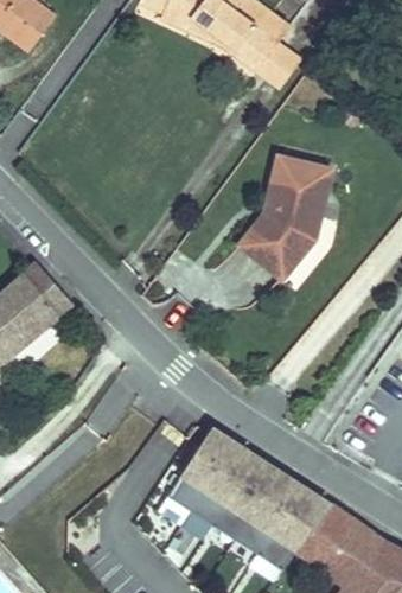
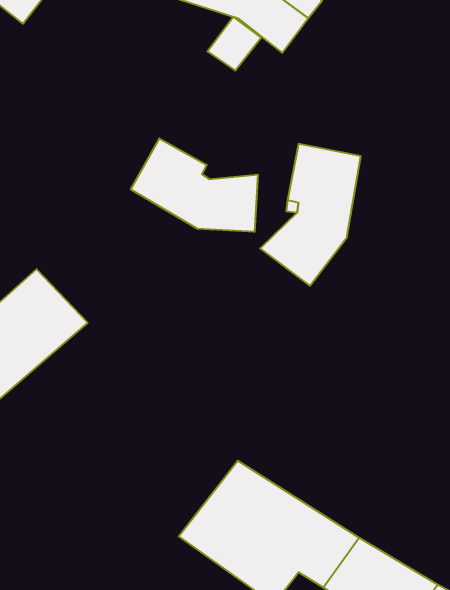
building: [254,47,300,94] -> [207,17,261,71]
building: none -> [131,138,258,232]

